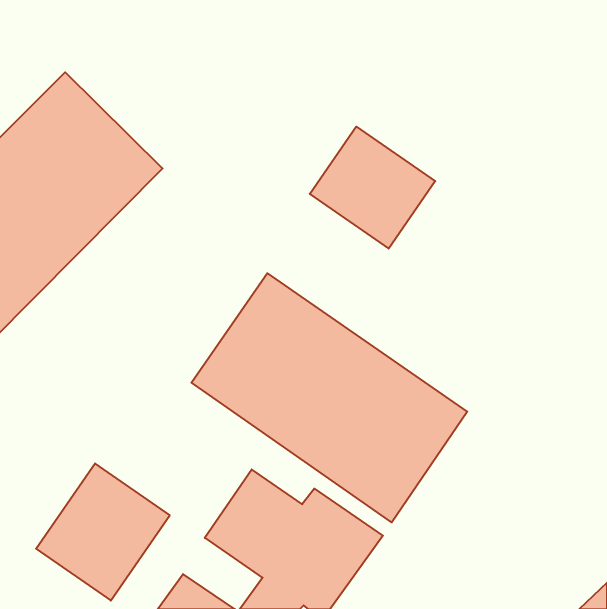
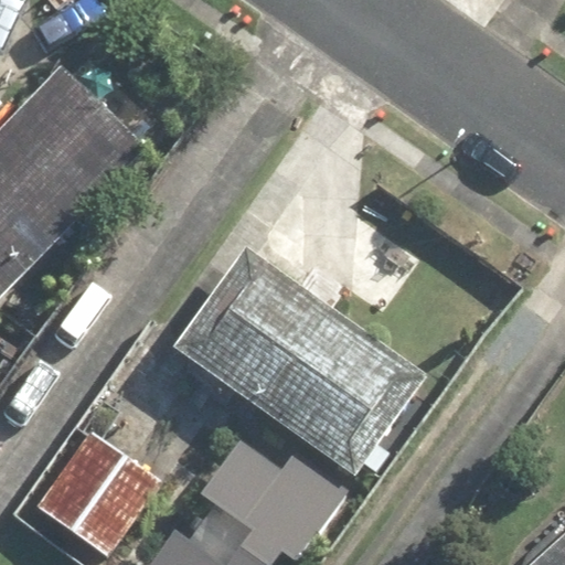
building: [310,127,435,249] -> none

